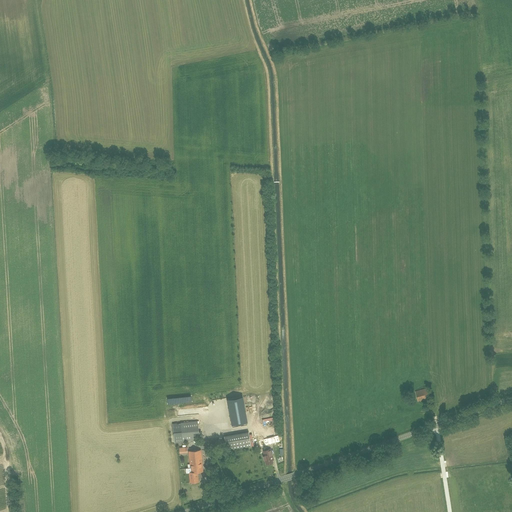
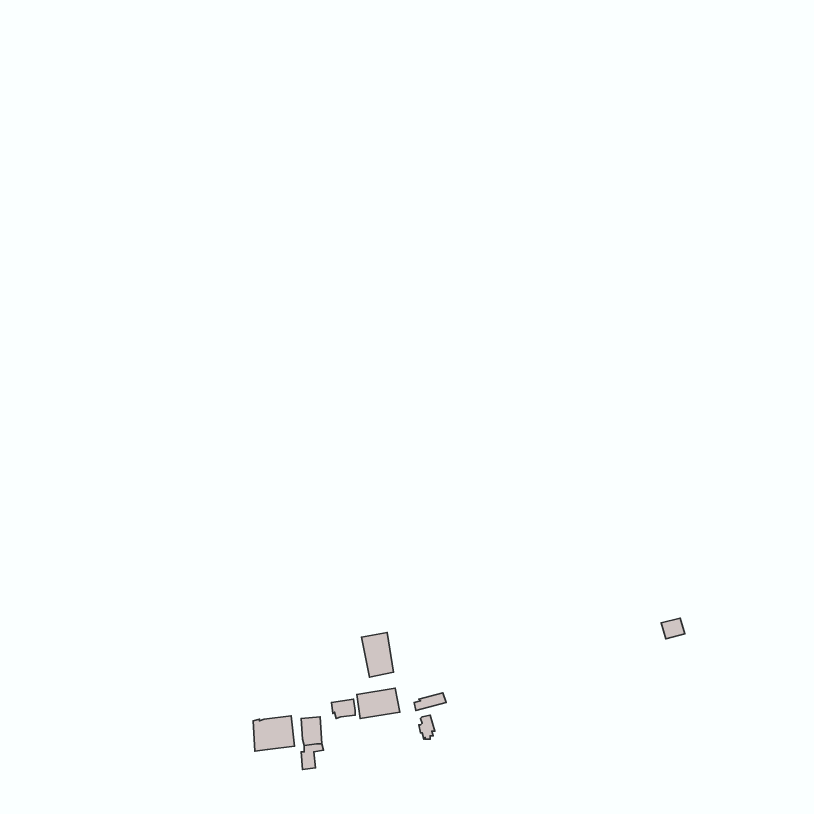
building: [173,421,199,443] -> [253,716,295,751]

